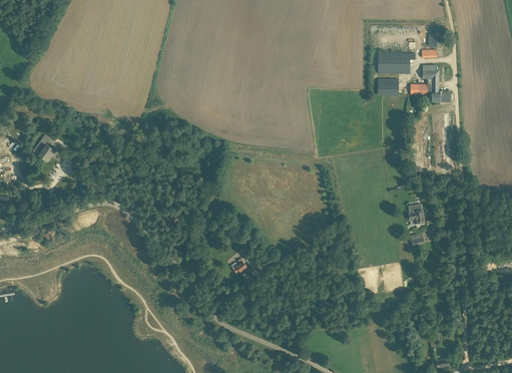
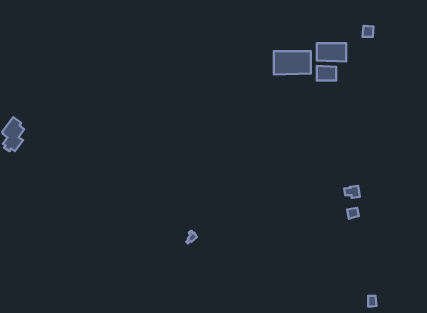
building: none -> [274,51,311,75]
building: [411,64,441,102] -> none

